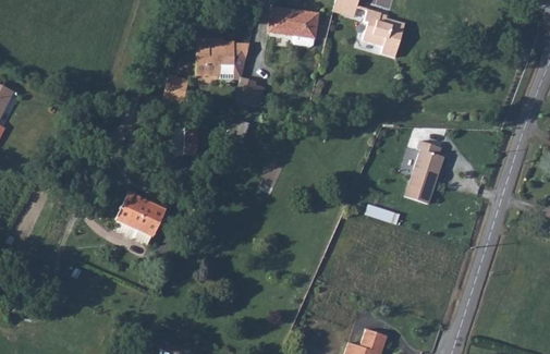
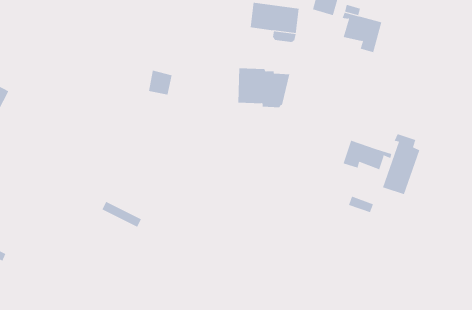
building: [196,38,250,80] -> [237,68,290,108]
building: none -> [343,140,392,170]
building: [120,192,166,229] -> none

